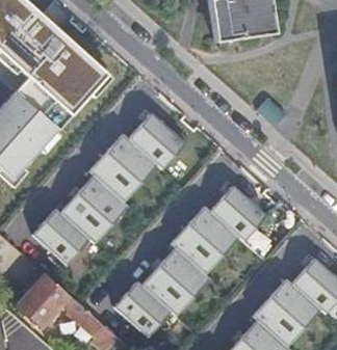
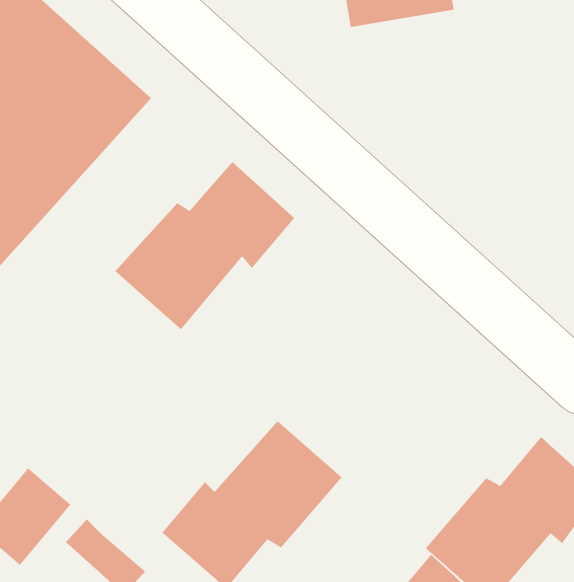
building: [33,176,129,265] -> none
building: [172,184,267,273] -> none

